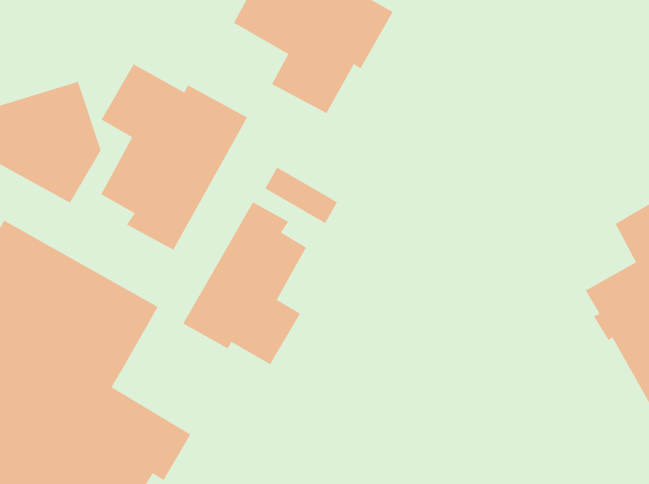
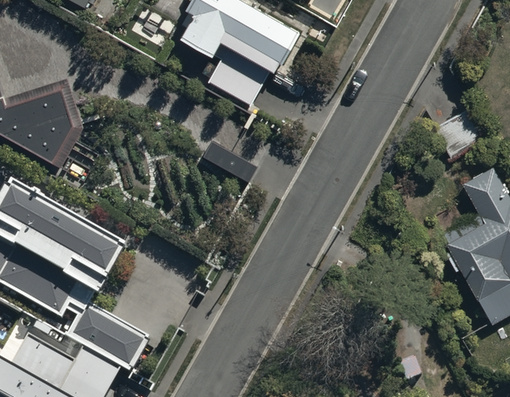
building: [101,64,248,251] -> none
building: [182,202,307,365] -> none

